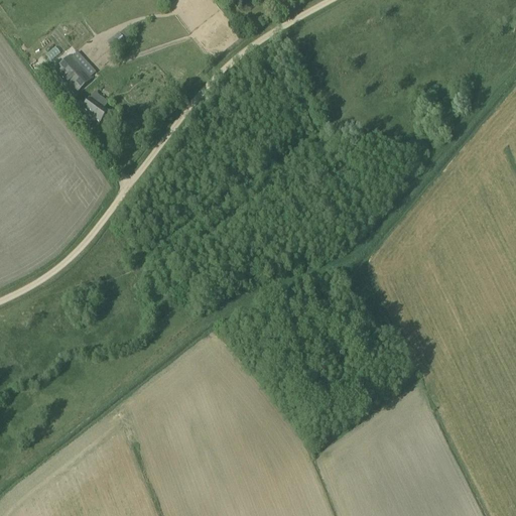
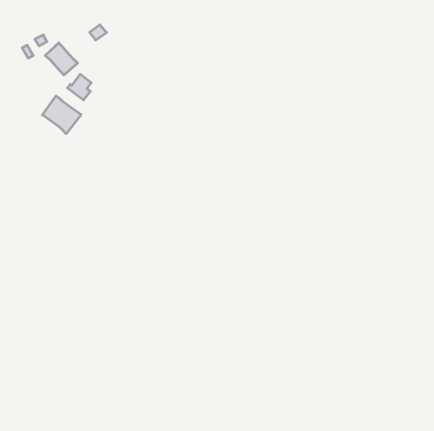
building: none -> [42,96,81,134]

